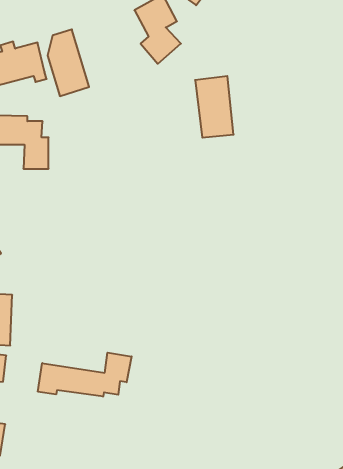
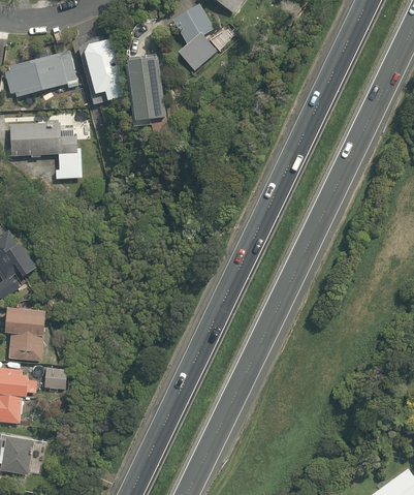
building: [195,76,234,138] -> [124,56,163,119]
building: none -> [44,366,68,388]
building: [38,353,132,397] -> none

